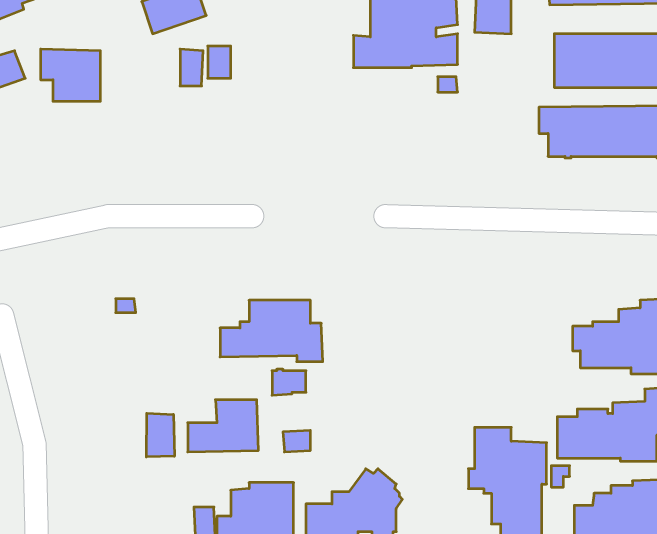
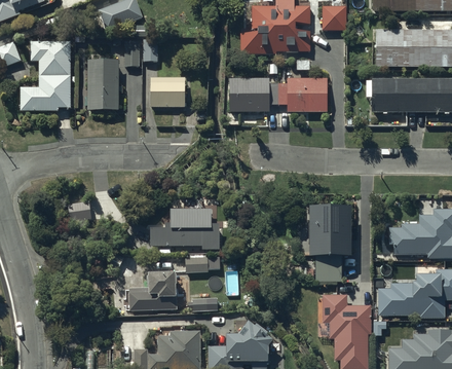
building: none -> [87,61,119,109]
building: none -> [21,75,71,110]
building: none -> [150,75,185,106]
building: none -> [229,76,328,111]
building: none -> [309,209,350,282]
building: [146,413,174,457] -> none

